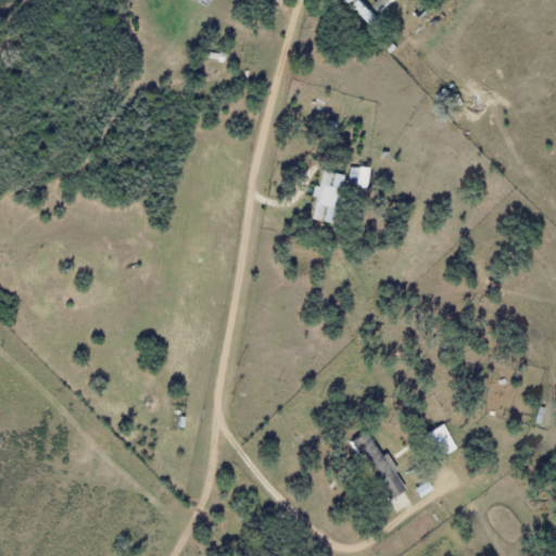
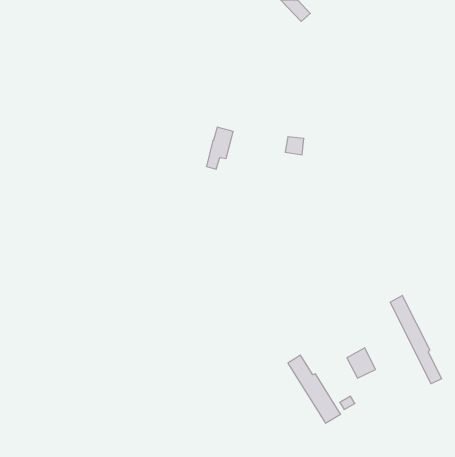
building: [309,169,342,220] -> [206,127,233,169]
building: none -> [390,295,442,384]

